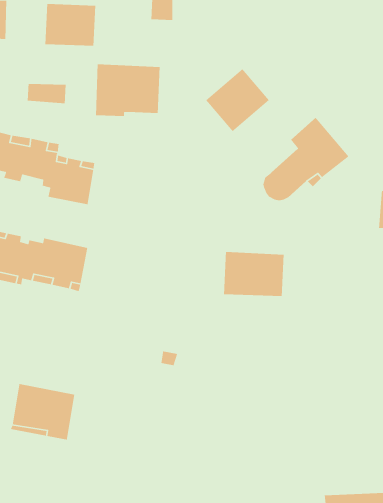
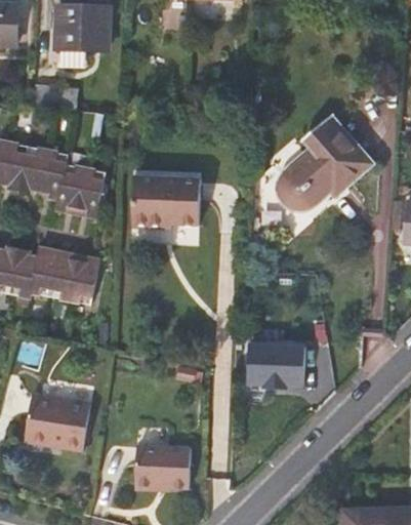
building: [95,63,160,117] -> [131,174,199,230]
building: [205,68,270,132] -> none
building: [223,251,284,297] -> [241,337,304,385]
building: none -> [130,450,186,490]

